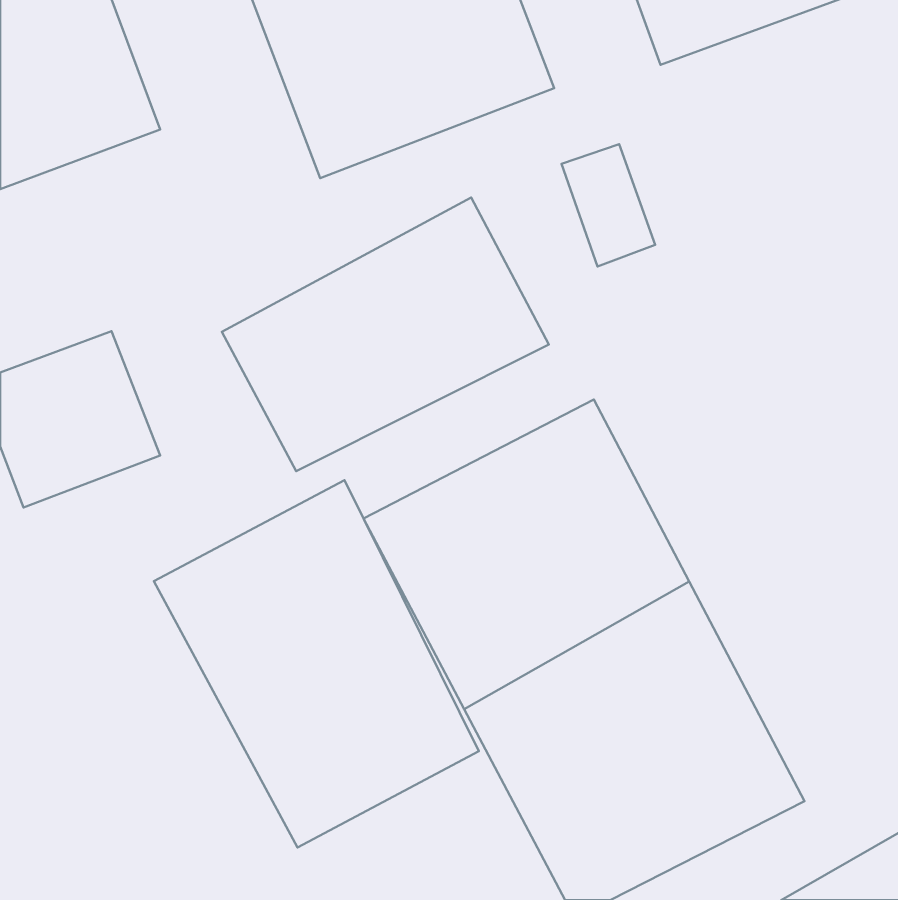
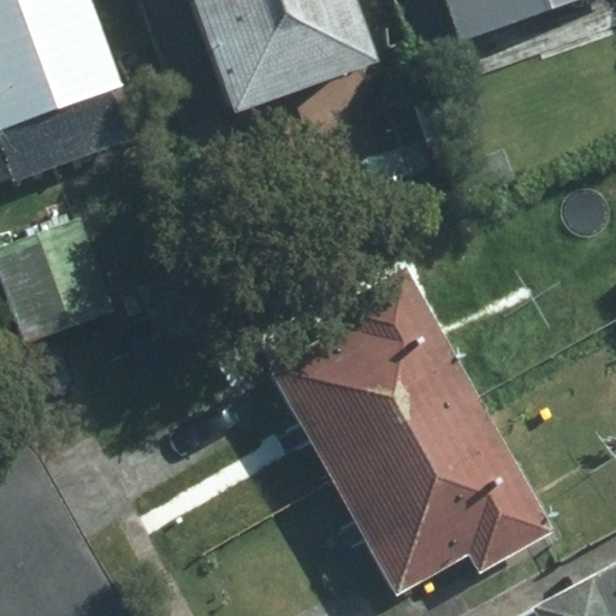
building: [222,198,549,471] -> none
building: [154,480,479,848] -> none

